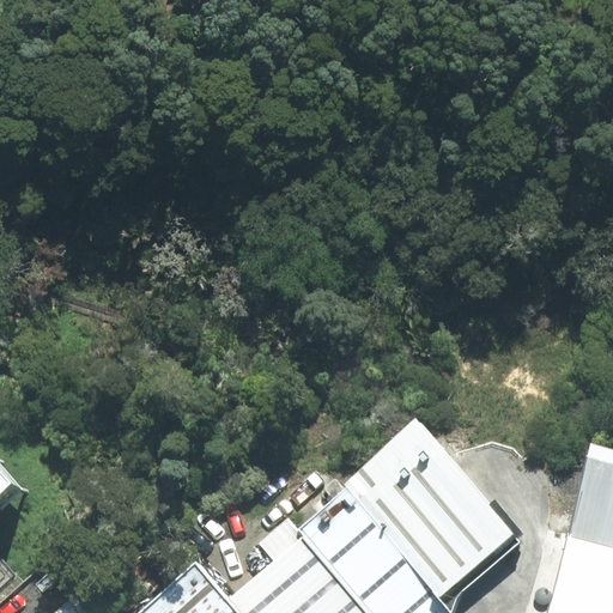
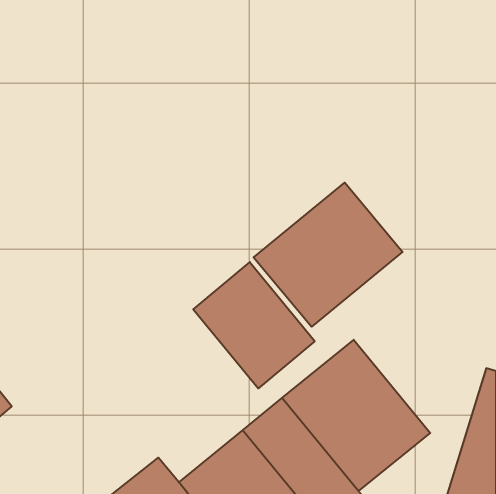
building: none -> [254,183,403,327]
building: none -> [193,262,315,388]

